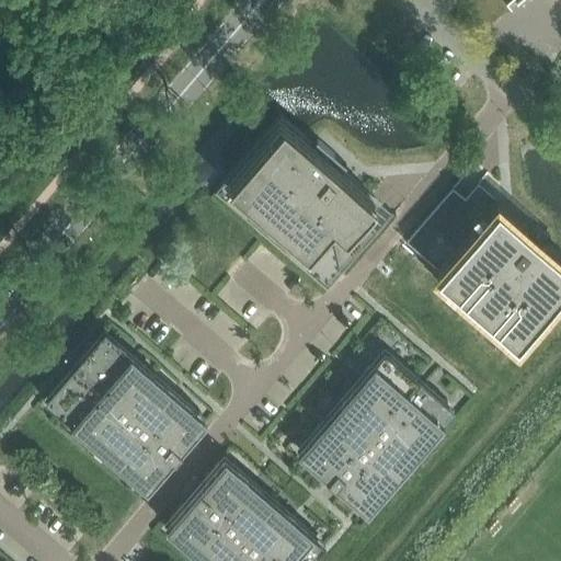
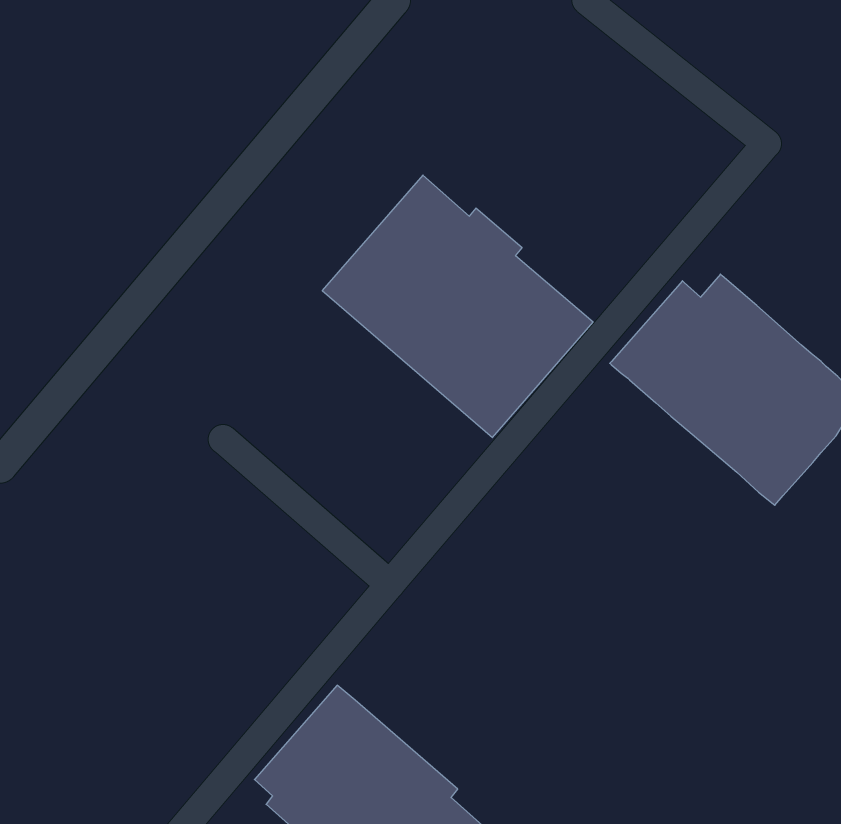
building: [50,347,202,493] -> none
building: [299,365,449,516] -> none

